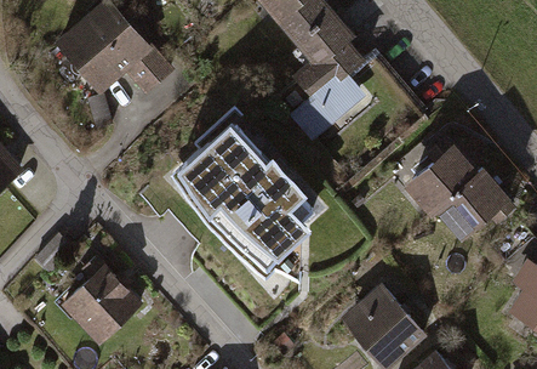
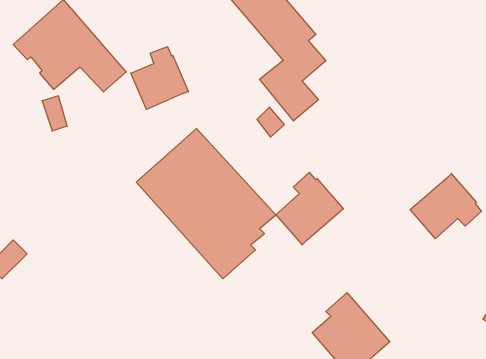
building: none -> [131,47,188,109]
building: [411,140,476,210] -> [276,172,343,245]
building: [63,257,138,341] -> none

